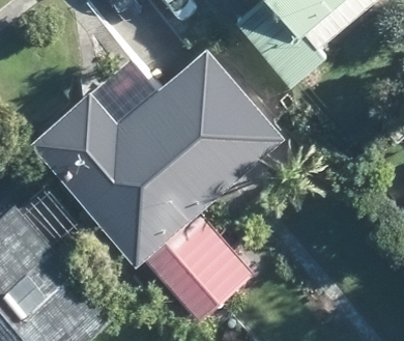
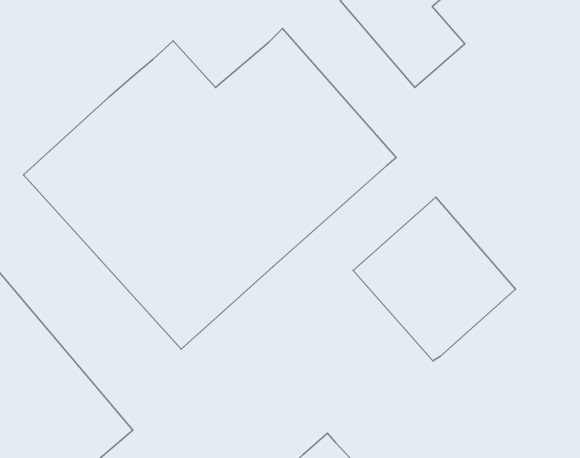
building: [145,211,253,320] -> [353,197,515,361]

